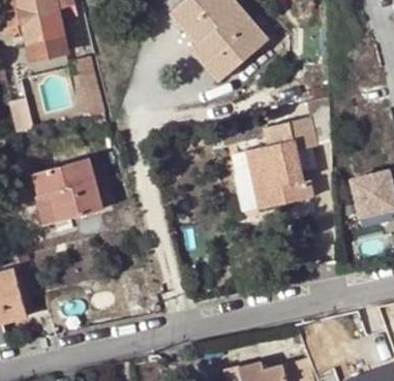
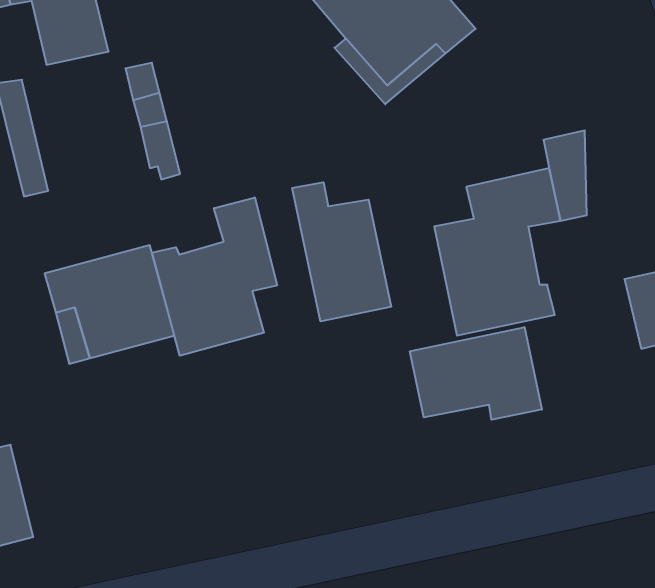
building: none -> [292,182,391,321]
building: none -> [152,197,277,356]
building: none -> [410,327,542,420]

